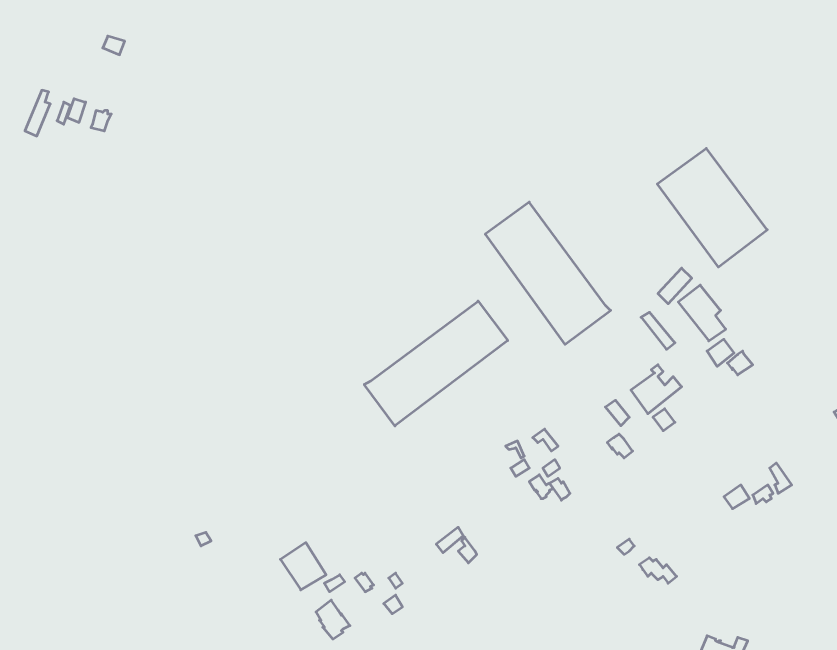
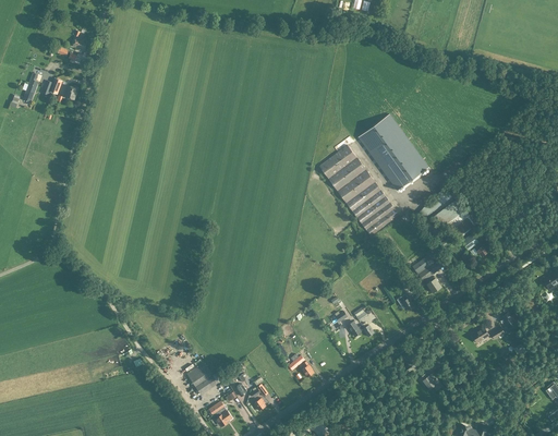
building: [657,148,767,267] -> [357,113,428,190]
building: [364,301,508,426] -> none

